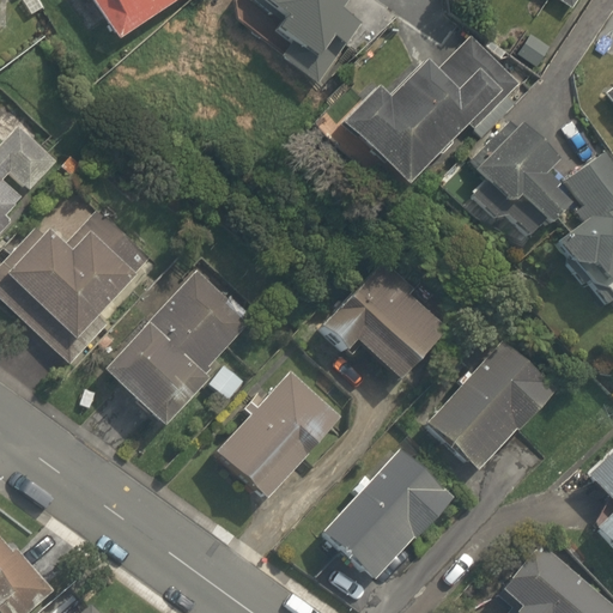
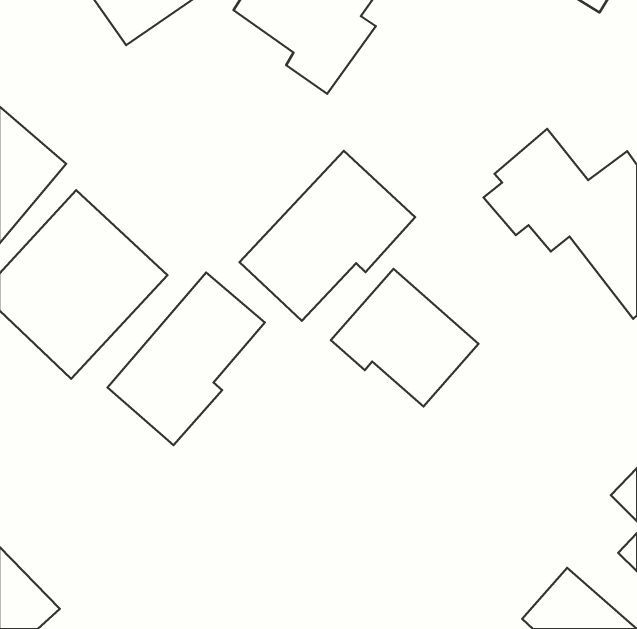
building: [339,32,516,190] -> none
building: none -> [240,151,415,321]
building: [427,346,551,467] -> none
building: [217,376,342,499] -> none
building: [320,444,455,583] -> none

